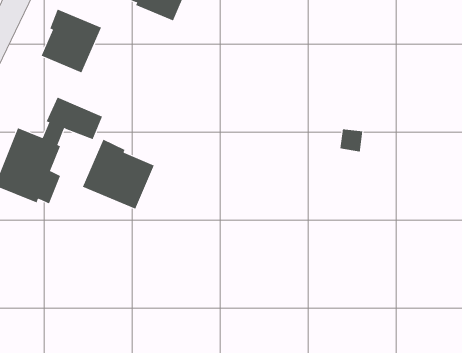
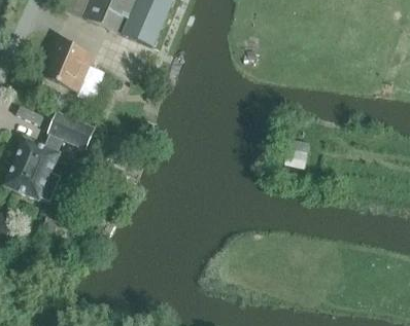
building: [82,139,154,209] -> none

